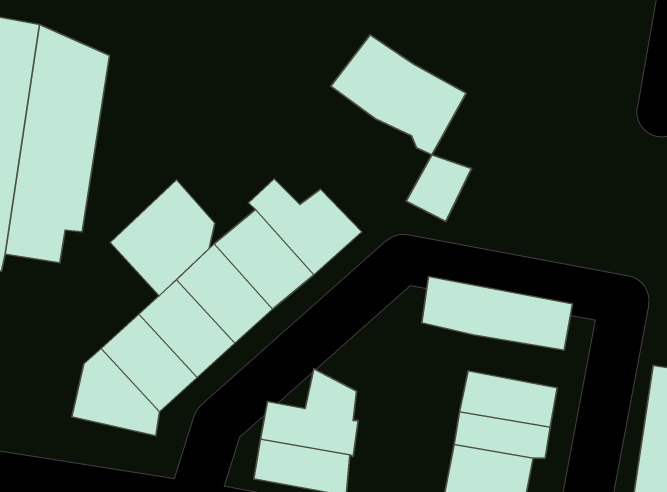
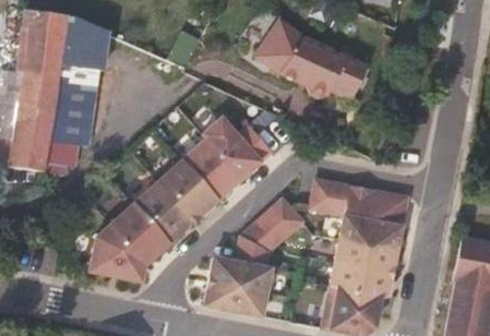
building: [406,155,471,222] -> [324,61,366,104]
building: [110,180,215,296] -> none
building: none -> [243,197,307,251]
building: none -> [342,215,403,249]

